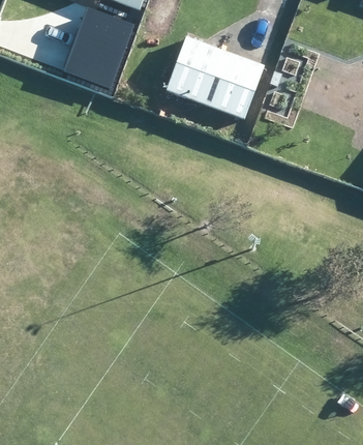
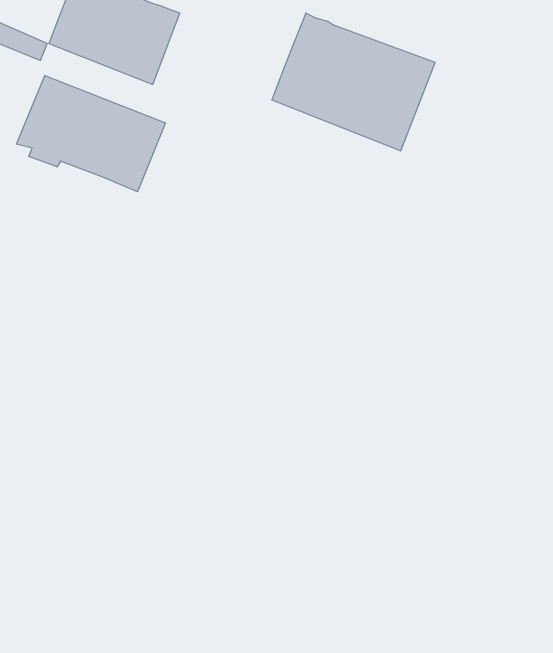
building: none -> [17,75,166,192]

